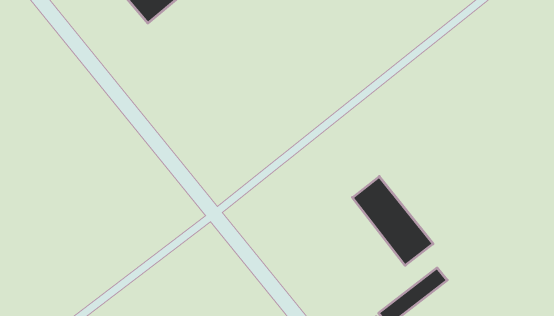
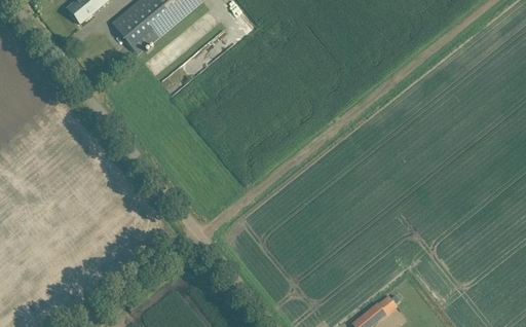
building: [352,176,433,265] -> none

